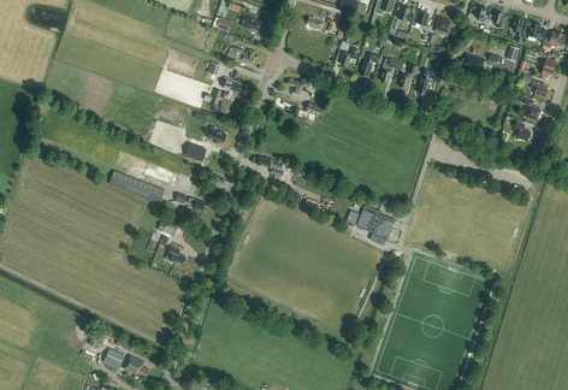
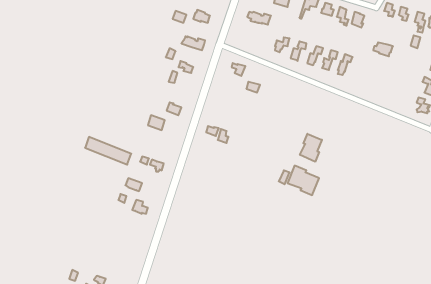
building: none -> [300,134,322,162]

